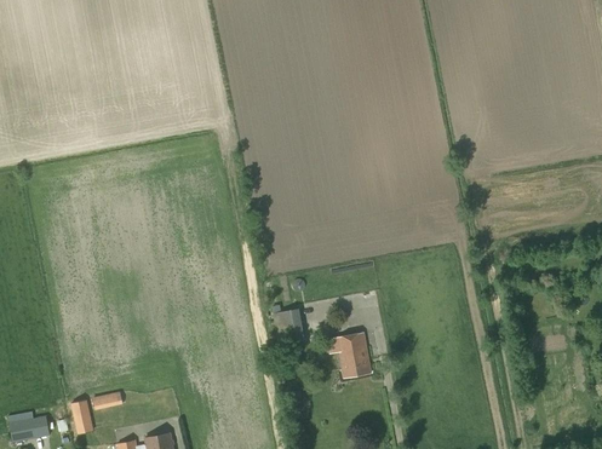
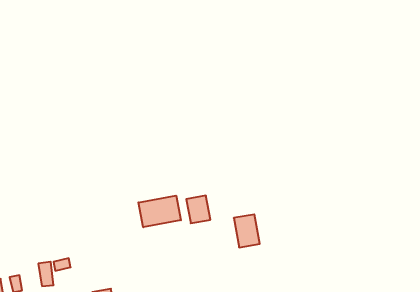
building: none -> [138,196,181,227]

